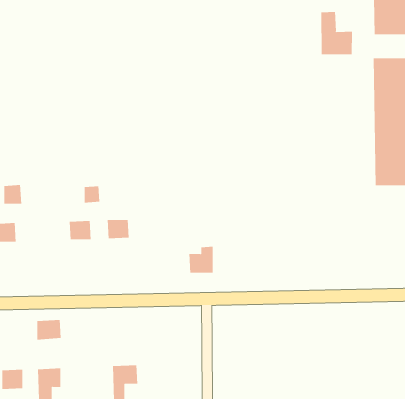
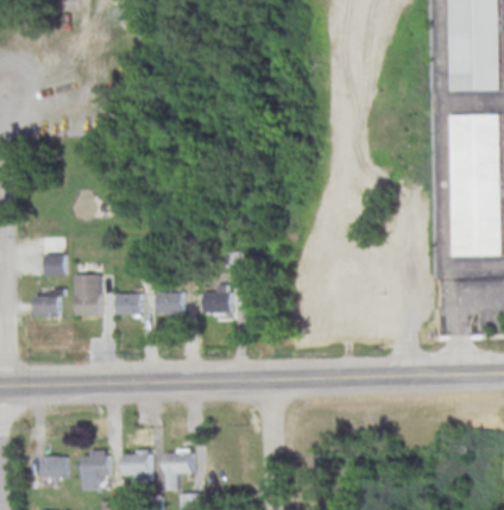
building: [321,11,353,55] -> none
building: none -> [75,275,100,316]
building: [189,246,214,273] -> [202,284,229,314]
building: [37,320,62,340] -> [122,454,150,477]

